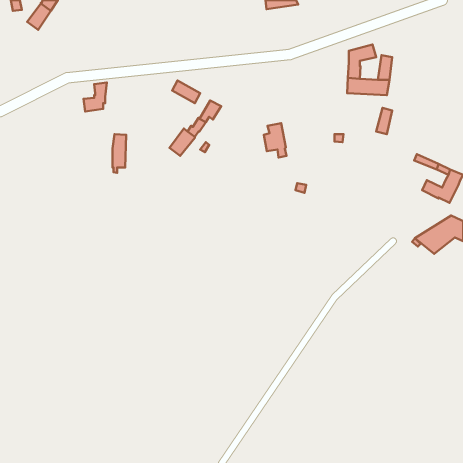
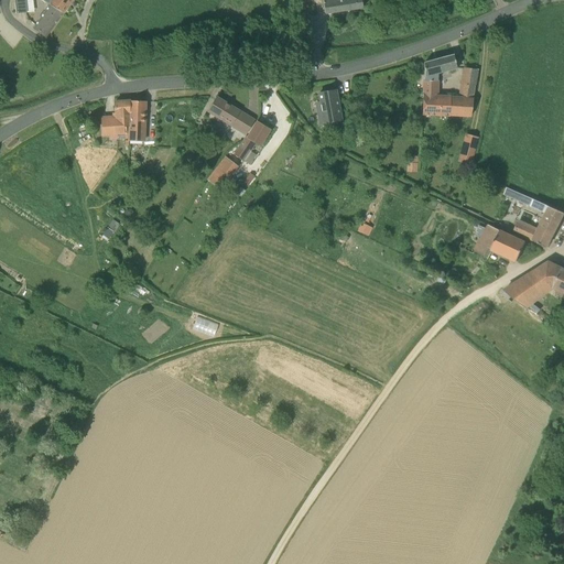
building: [264,123,287,157] -> [314,90,341,132]
building: [113,134,126,173] -> [128,100,144,148]
building: none -> [476,225,525,260]

